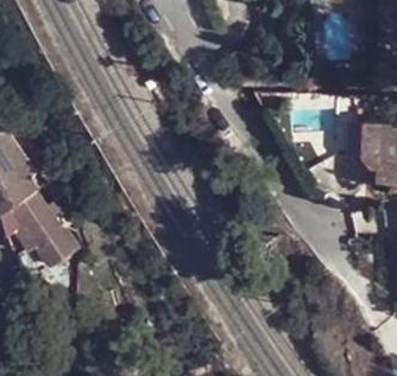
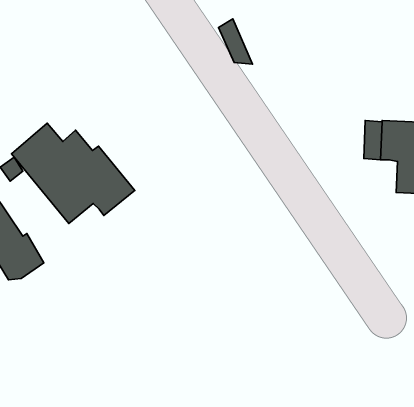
building: none -> [11,123,135,224]

